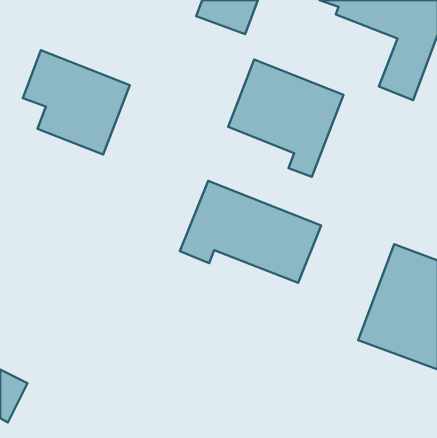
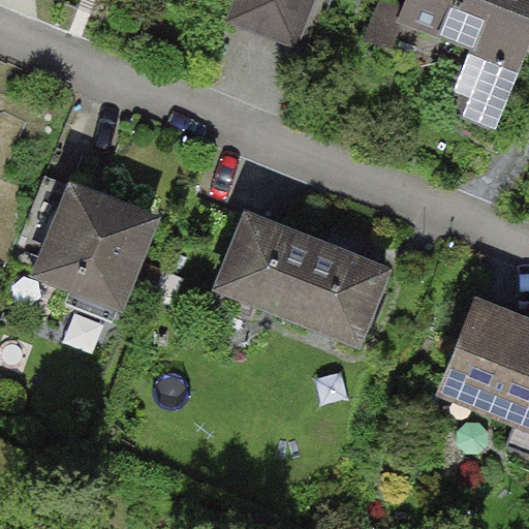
building: [23,50,130,155] -> [26,179,155,305]
building: [228,60,344,177] -> none

